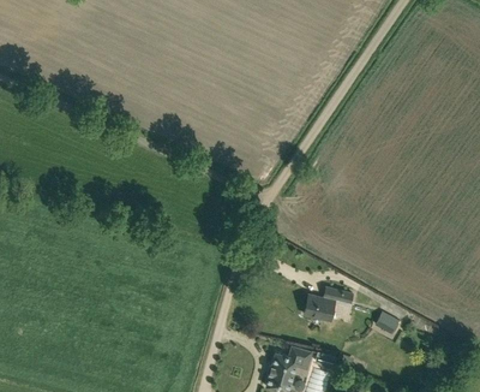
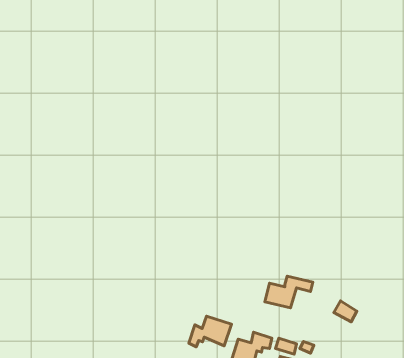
building: none -> [189,316,231,347]

